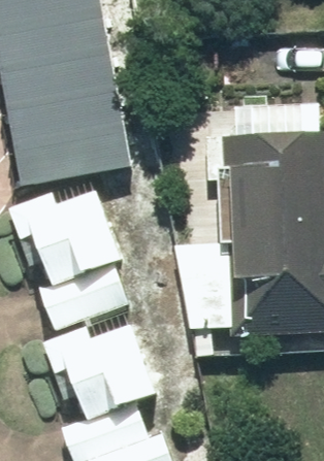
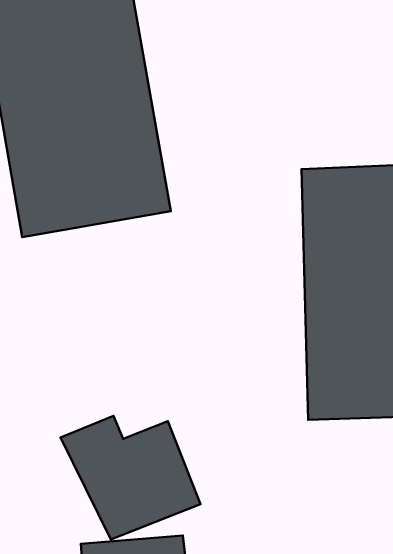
building: [12,189,123,330] -> none

